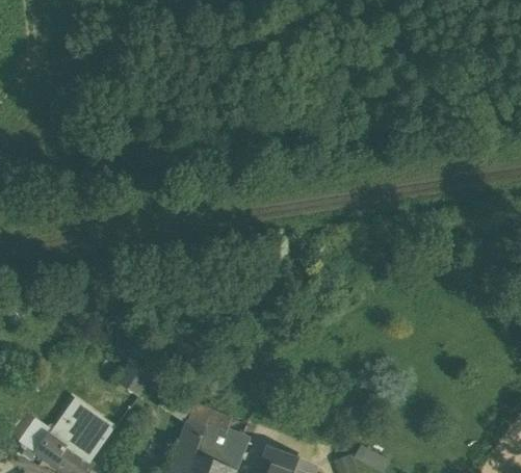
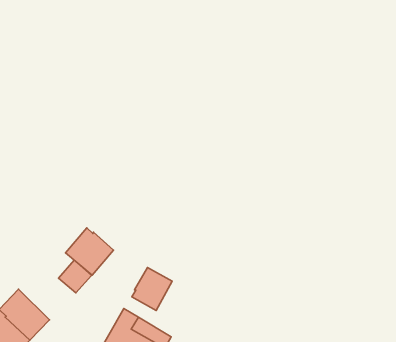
building: none -> [65,228,114,275]
building: none -> [132,267,172,311]

